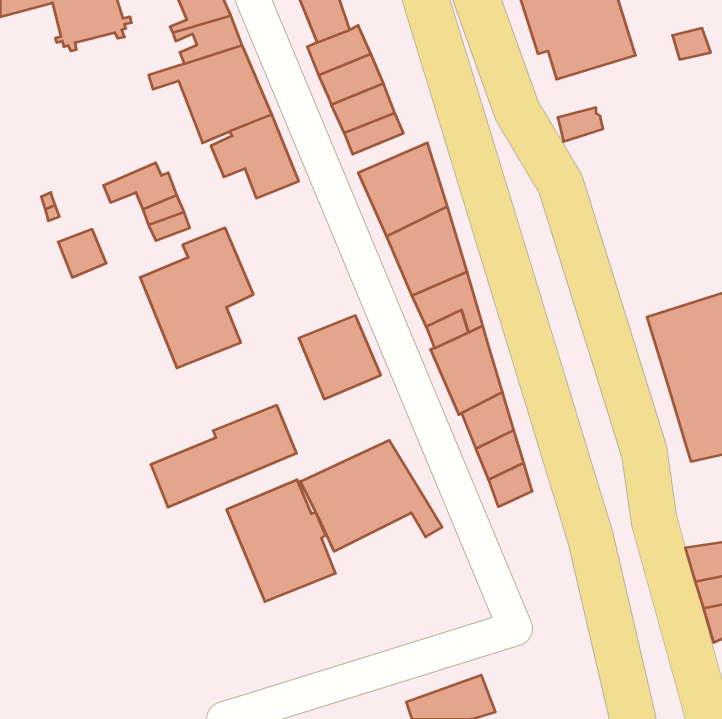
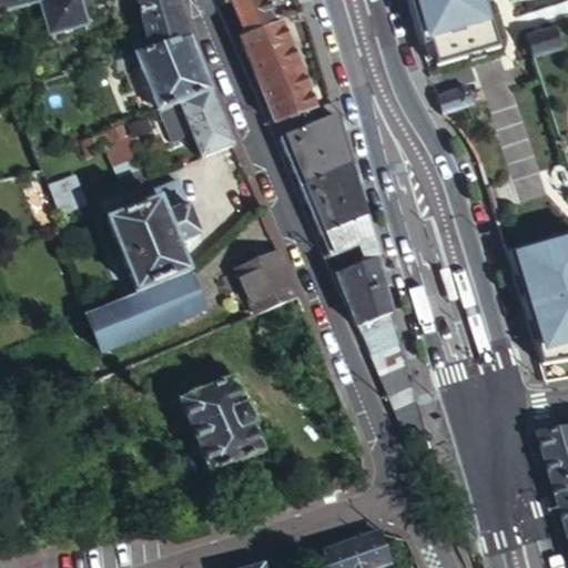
building: [151,405,297,507] -> [91,268,205,348]
building: [300,440,442,551] -> none
building: none -> [392,385,432,437]

